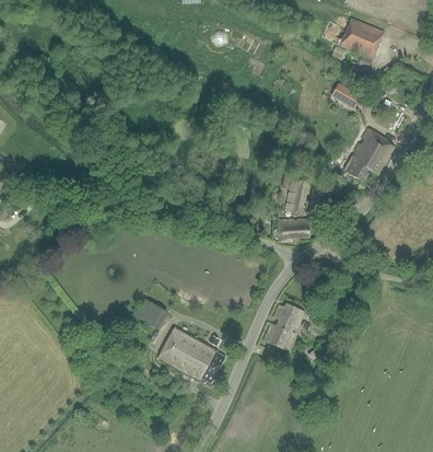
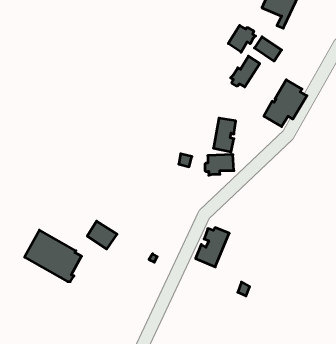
building: none -> [228,25,256,52]
building: none -> [231,56,260,87]
building: [159,326,225,386] -> [25,230,82,282]

